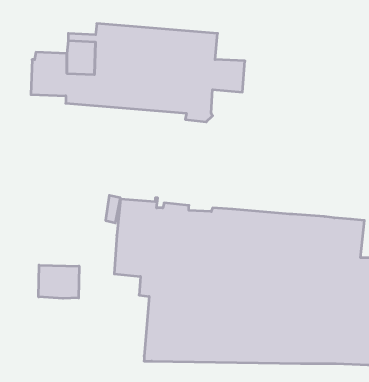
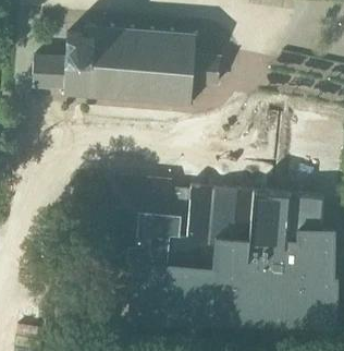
building: [39,265,79,298] -> none

